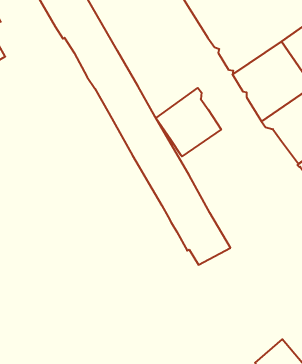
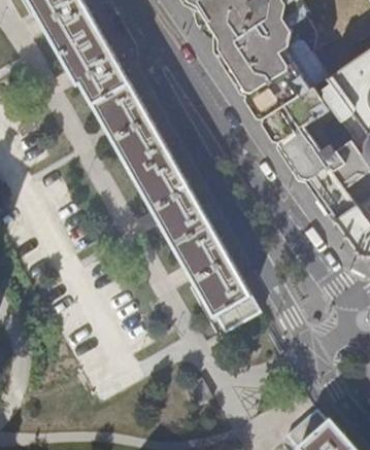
building: [156,88,221,156] -> none

